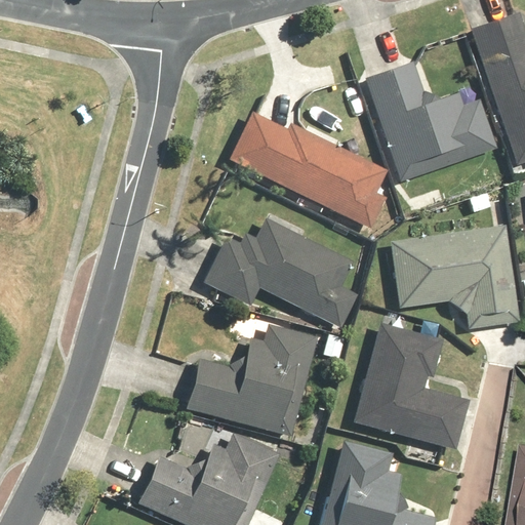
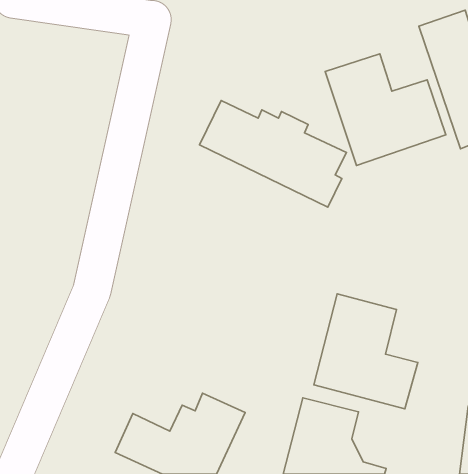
building: [205,218,361,328] -> none
building: [391,225,519,327] -> none
building: [187,323,317,436] -> none

